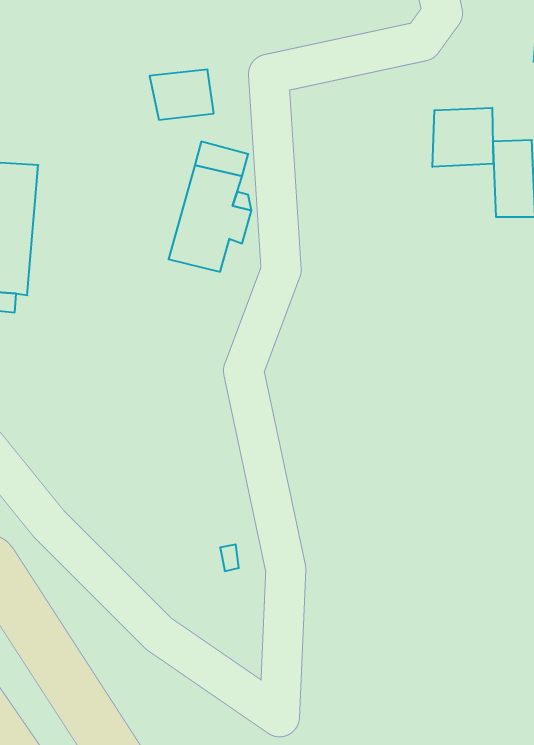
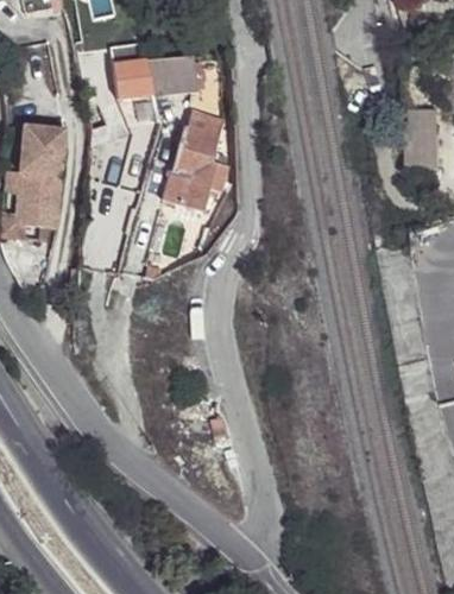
building: none -> [114,42,157,95]
building: [432,108,493,167] -> none

